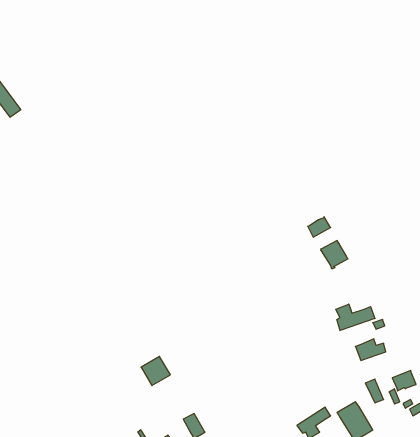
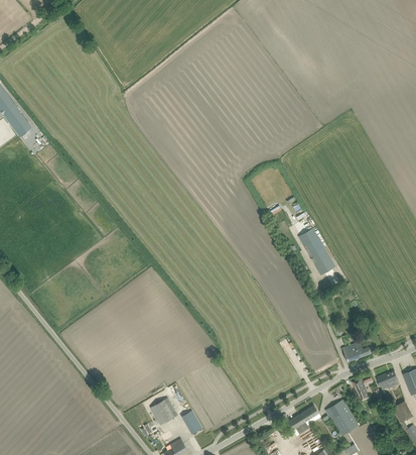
building: [336,304,375,331] -> none
building: [141,356,170,386] -> [150,397,177,425]

